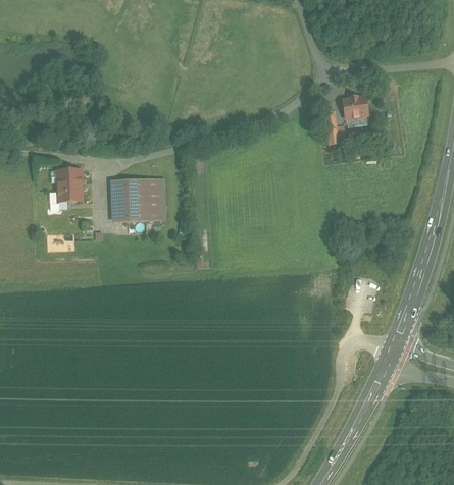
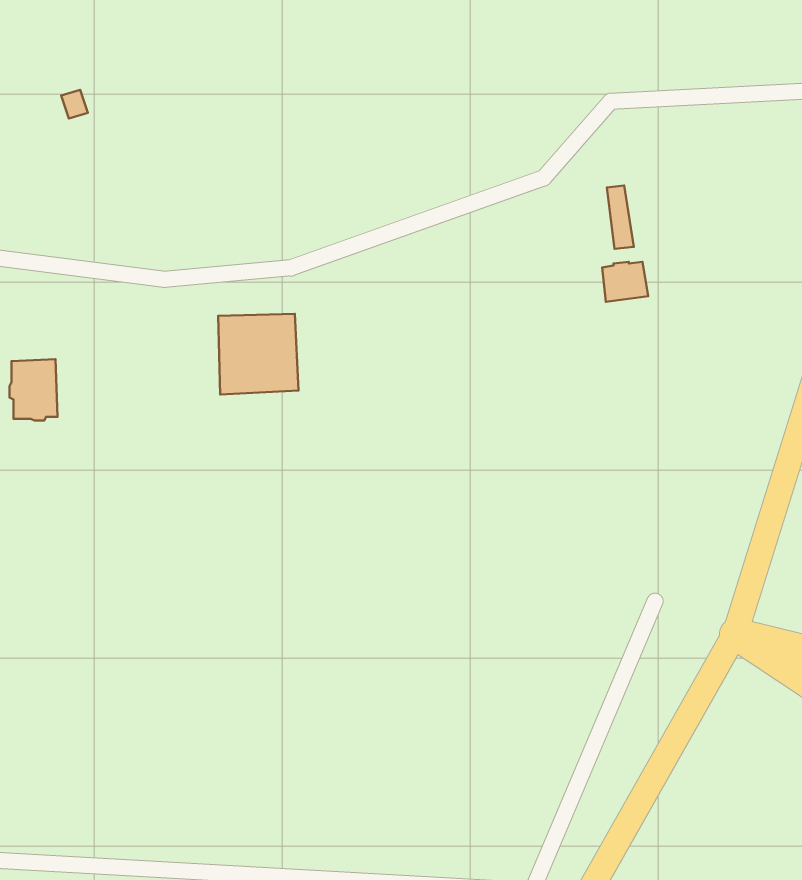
building: [343,96,367,117] -> [602,262,648,302]
building: [56,169,82,202] -> [10,359,58,421]

